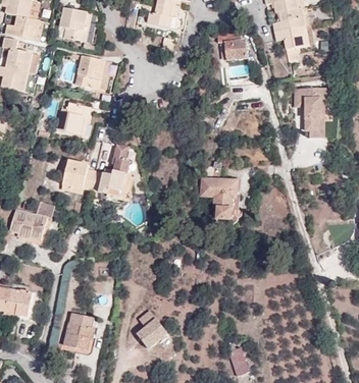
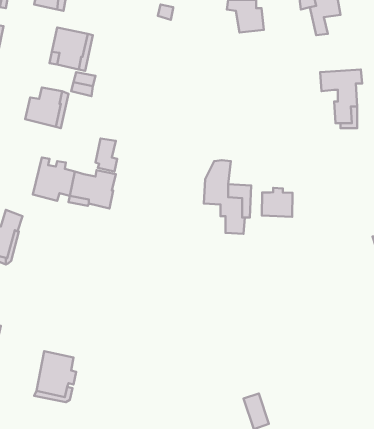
building: none -> [262,188,293,217]
building: [137,311,169,353] -> none

